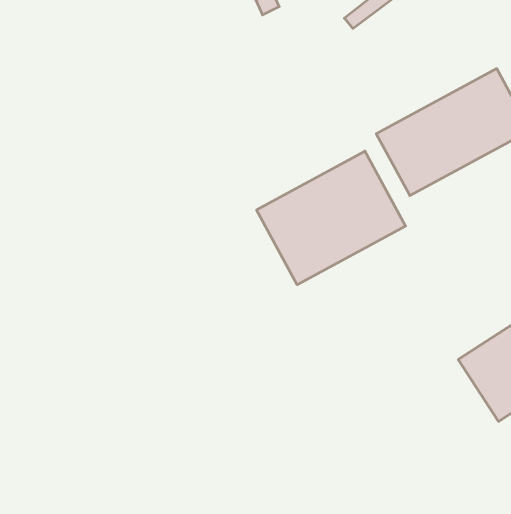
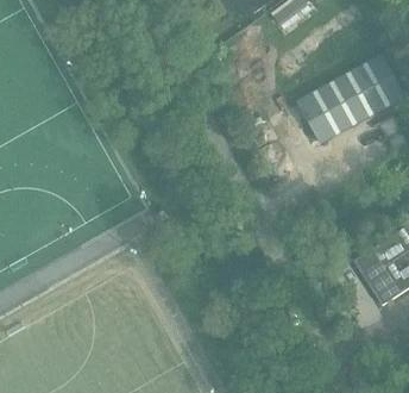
building: [257,151,406,285] -> none

